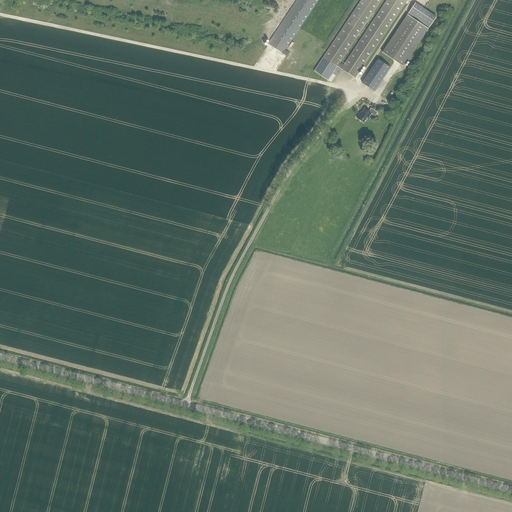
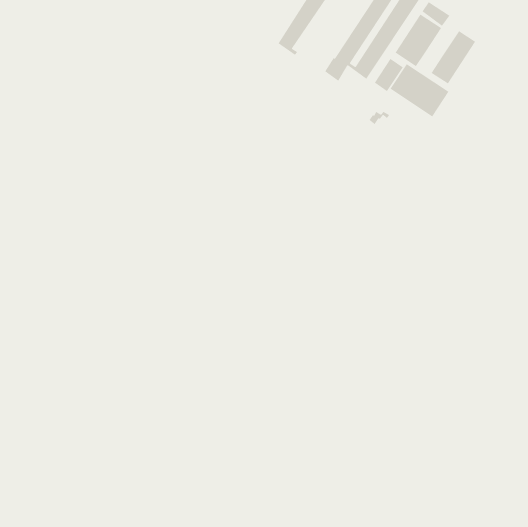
building: none -> [430,30,476,85]
building: none -> [390,63,450,117]

